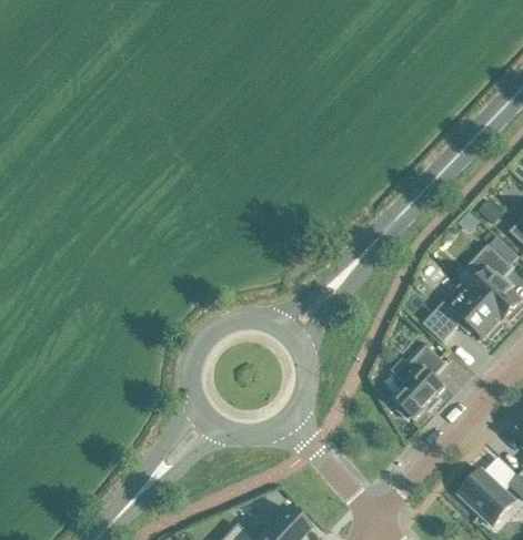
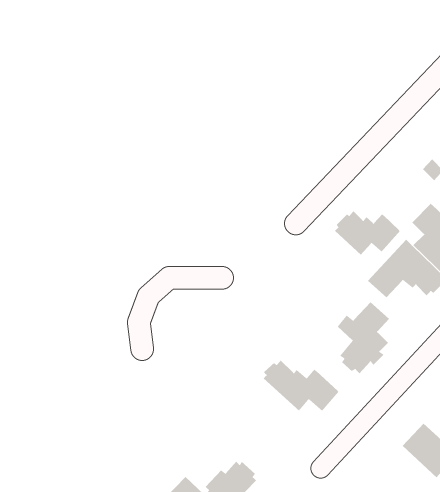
building: none -> [334,210,401,256]
building: none -> [263,360,340,412]

